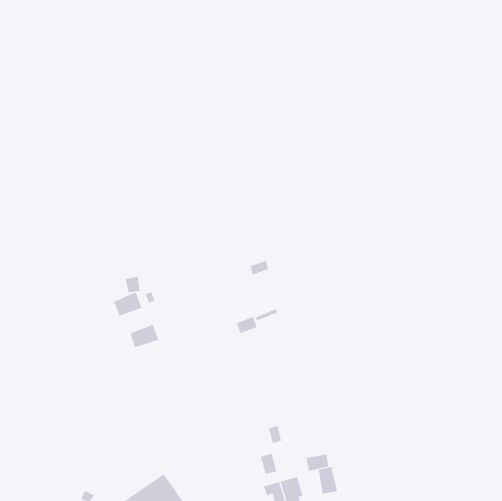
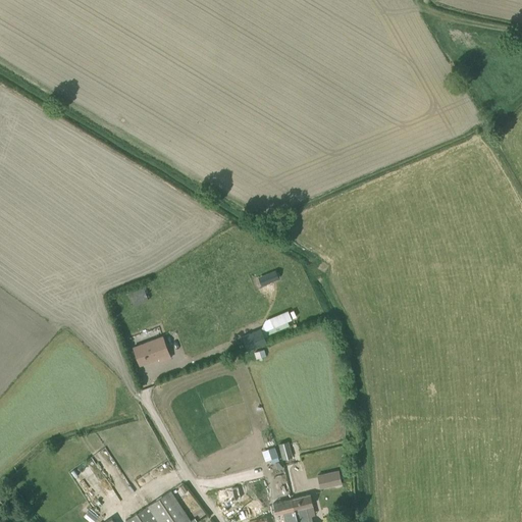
building: [113,292,142,317] -> none
building: [318,466,338,495] -> none

